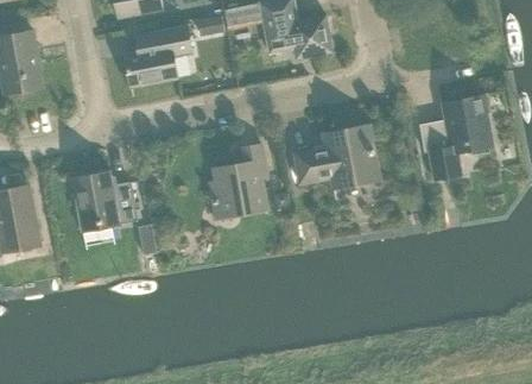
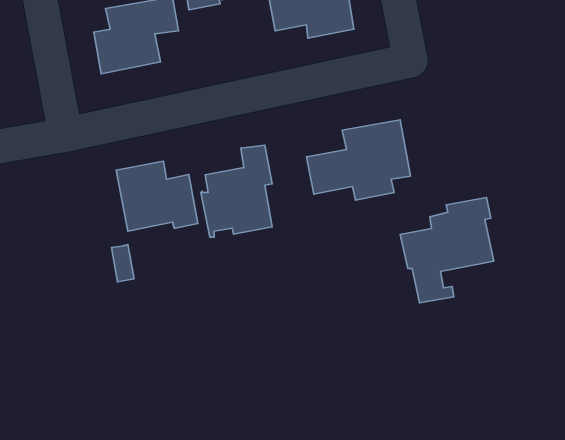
building: [418,95,493,180] -> [400,197,494,303]
building: [71,171,137,227] -> [116,161,198,231]

